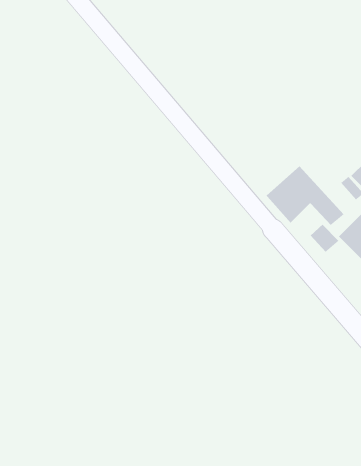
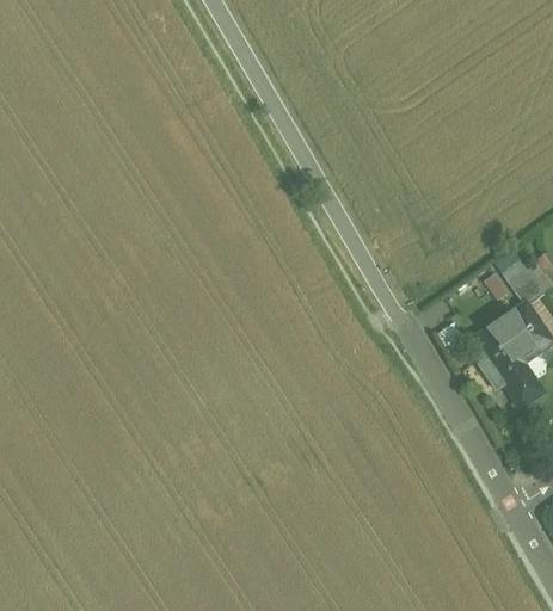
building: [266,165,345,226] -> none

